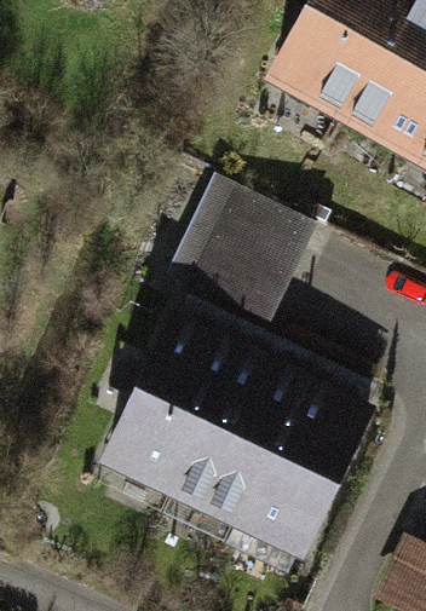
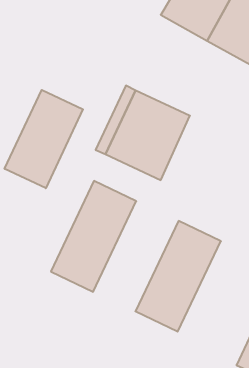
building: none -> [5,90,83,188]
building: [174,352,301,515] -> none

